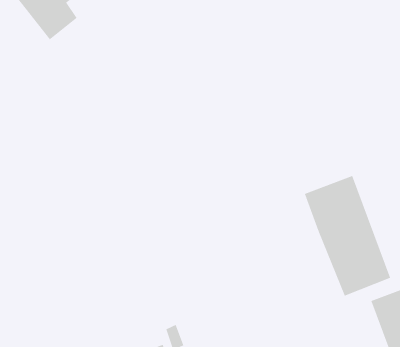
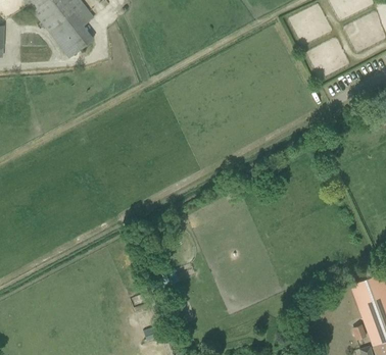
building: [304,175,391,296] -> none

